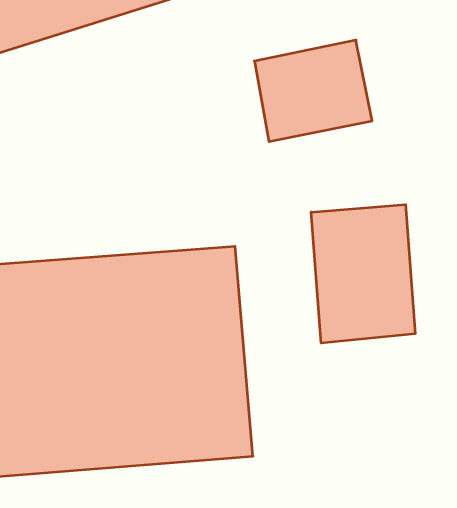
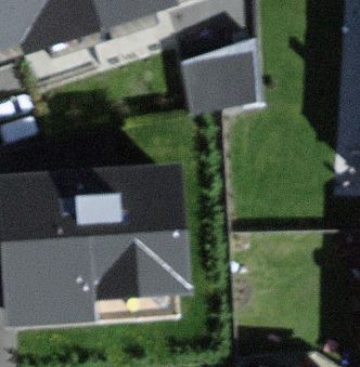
building: [311,205,415,343] -> none

